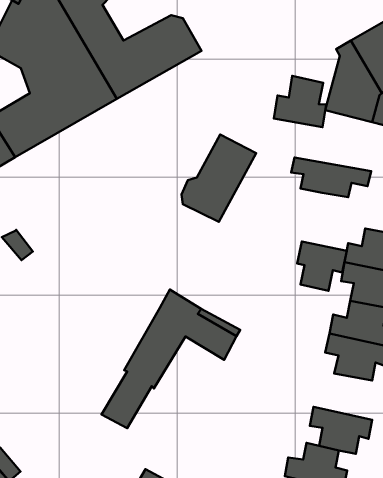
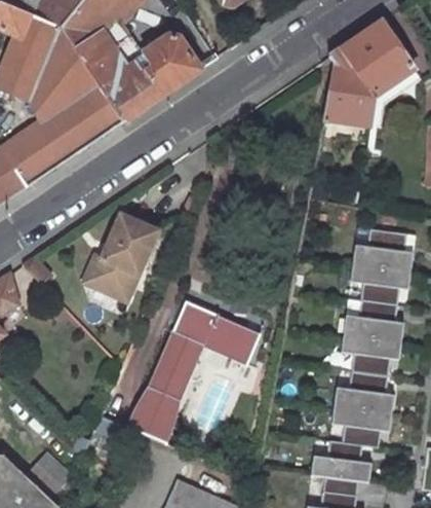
building: [274,76,326,127] -> none
building: [182,134,256,222] -> [89,216,158,300]
building: [291,157,371,197] -> none
building: [297,242,347,291] -> none
building: none -> [334,369,394,411]

